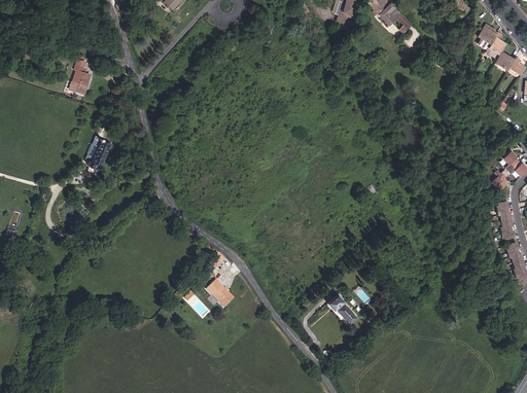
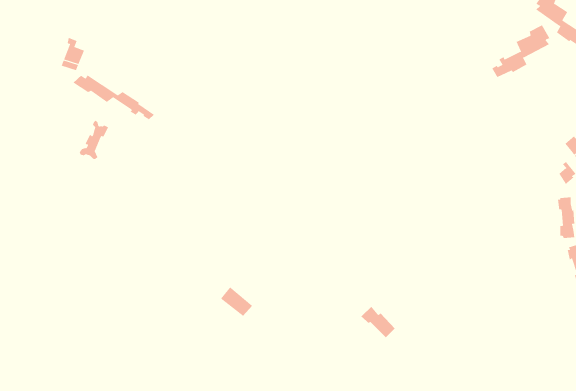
building: none -> [492,24,550,78]
building: none -> [73,74,155,120]

